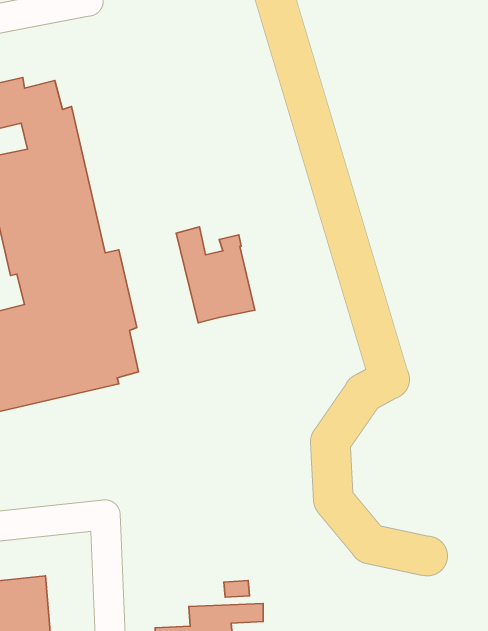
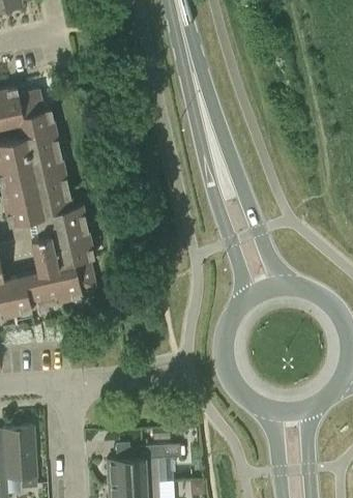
building: [176,227,255,323] -> none

